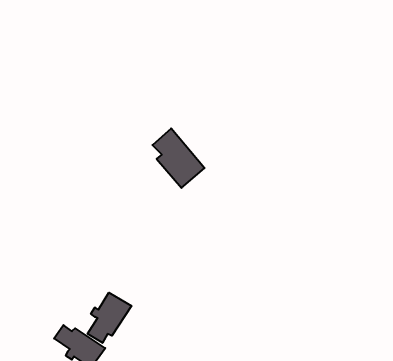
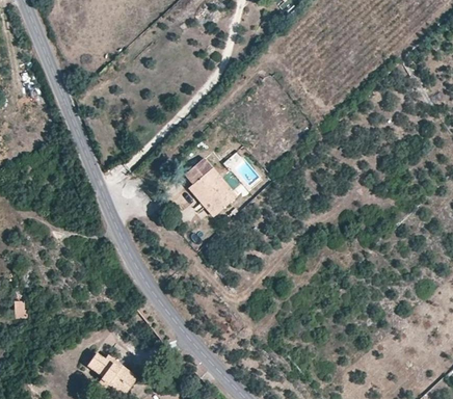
building: [88,293,131,343] -> none

